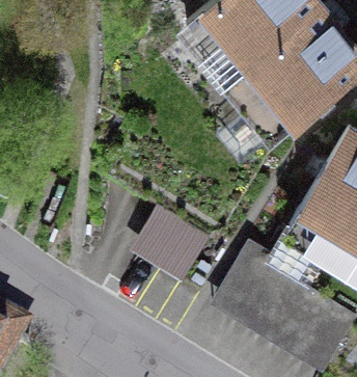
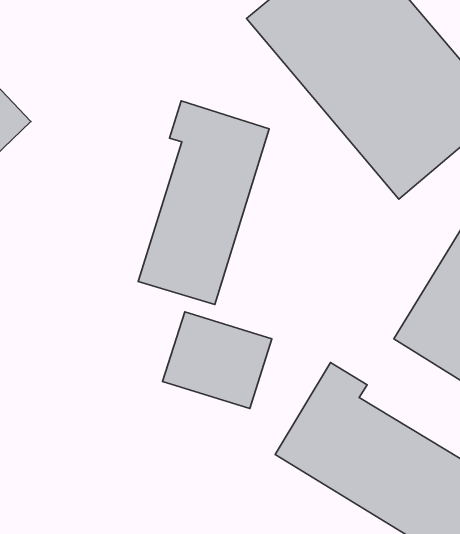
building: none -> [138,101,269,304]

